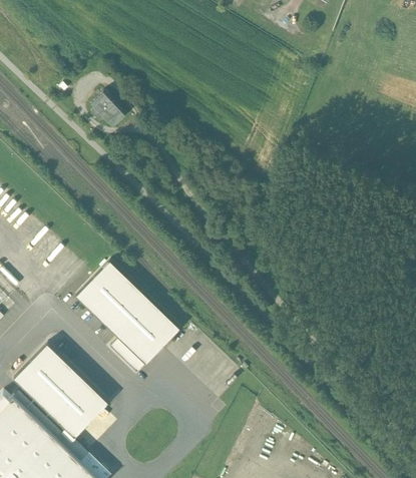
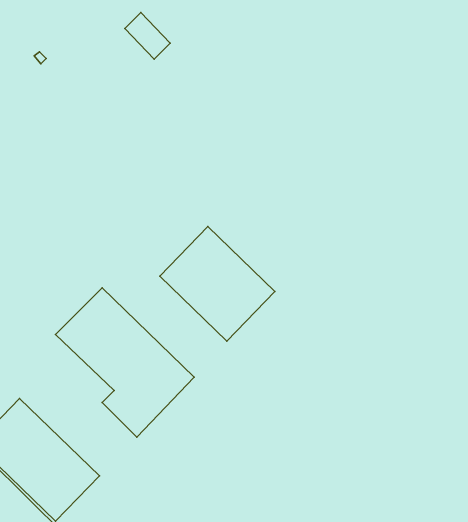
building: [90,92,124,127] -> [125,12,170,59]
building: none -> [160,227,275,341]

